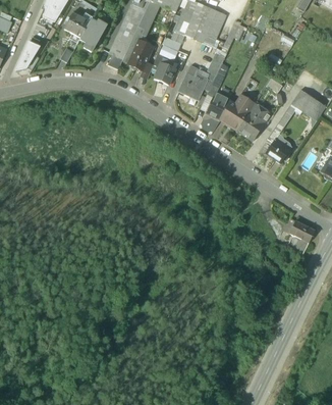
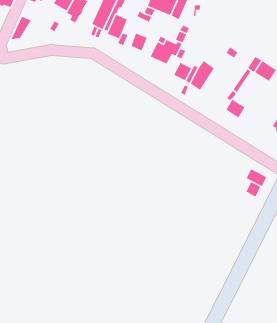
building: [236,103,270,141] -> none

